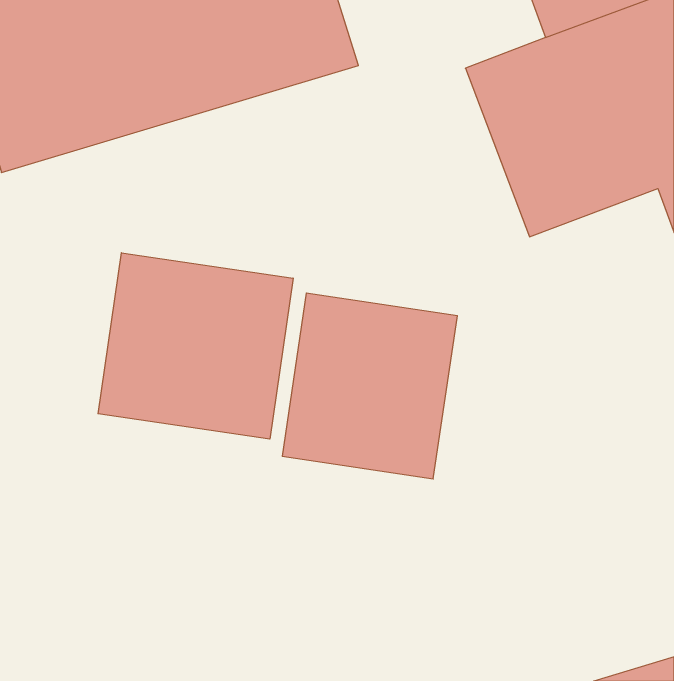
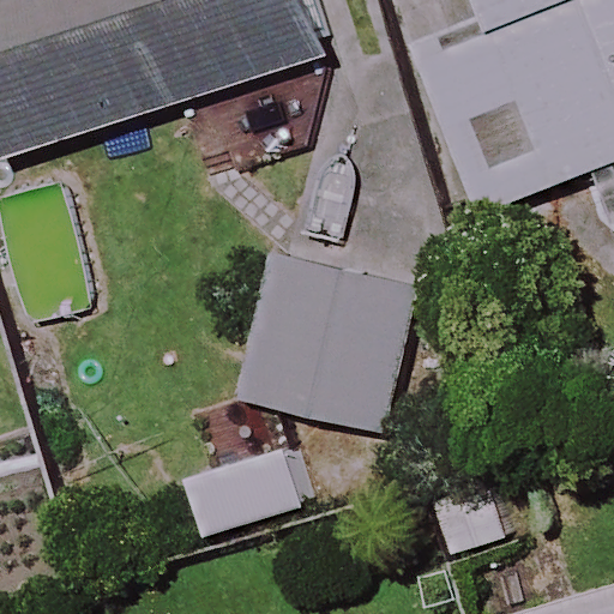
building: [98,253,293,439] -> none

